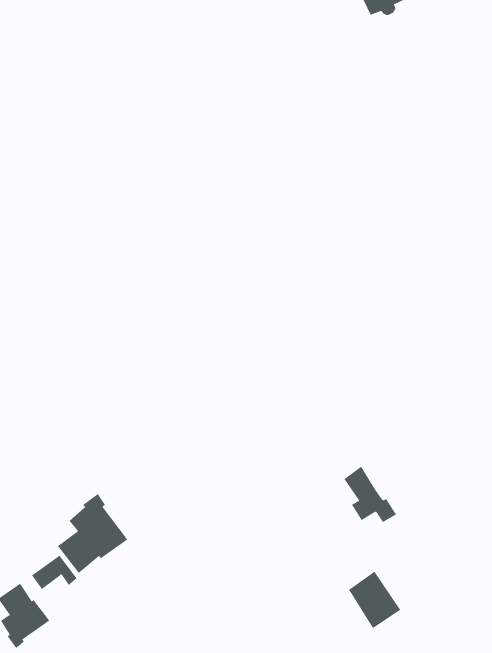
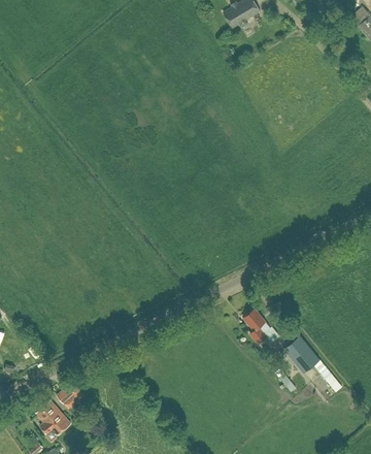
building: [57,493,128,574] -> none
building: [348,571,401,629] -> [284,335,318,371]

